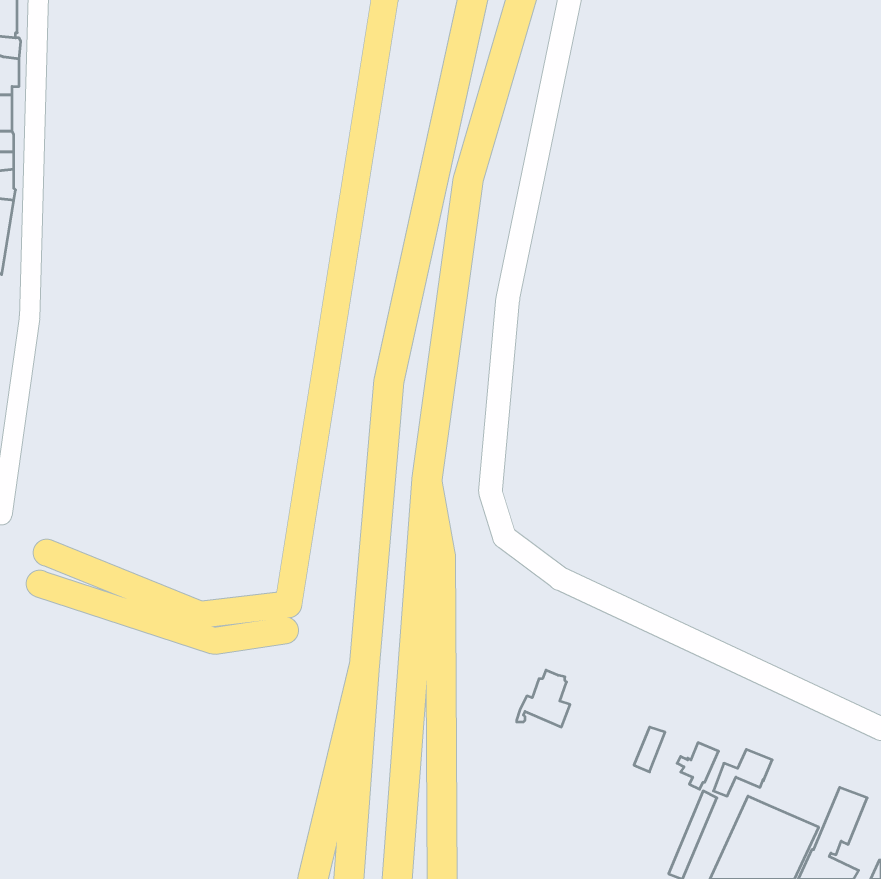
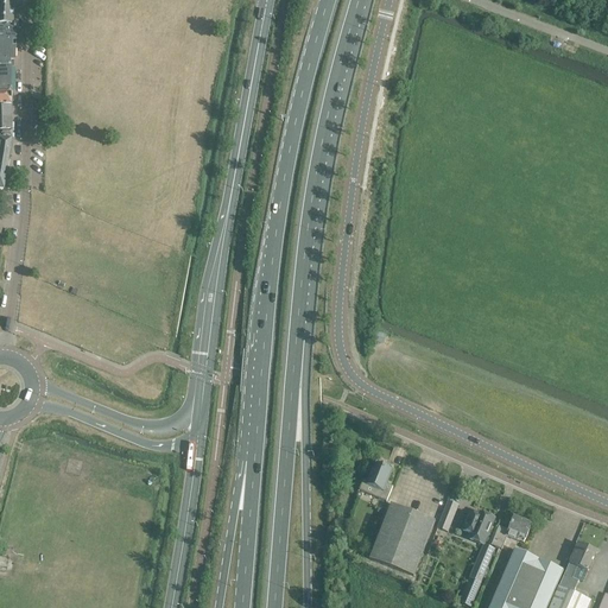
building: none -> [368,502,435,575]

